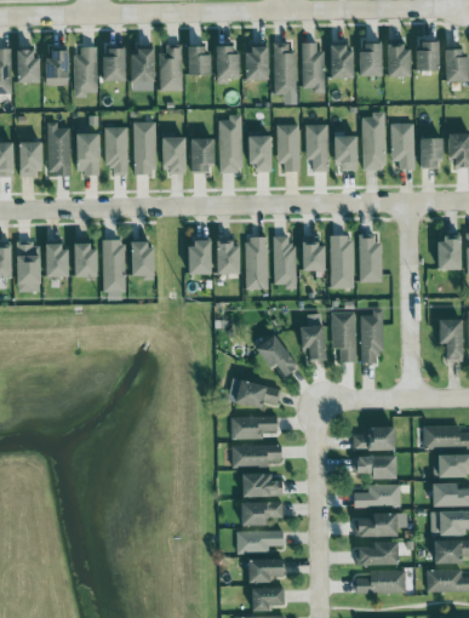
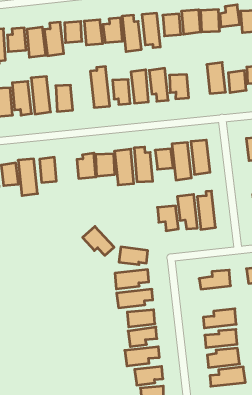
building: [360,111,384,168] -> none
building: [189,138,216,172] -> none
building: [256,333,301,377] -> [83,226,114,255]
building: [351,456,399,479] -> none

